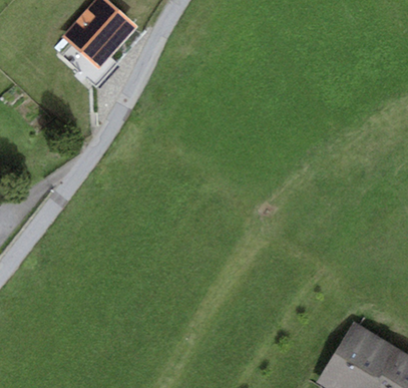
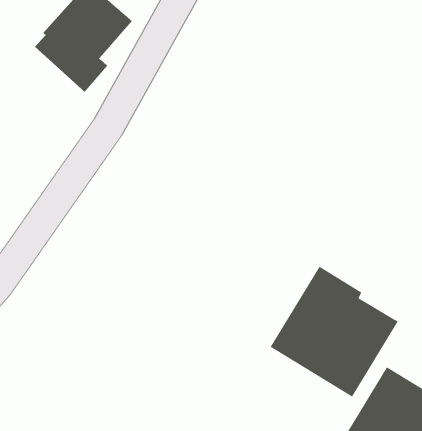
building: none -> [270,266,398,398]

